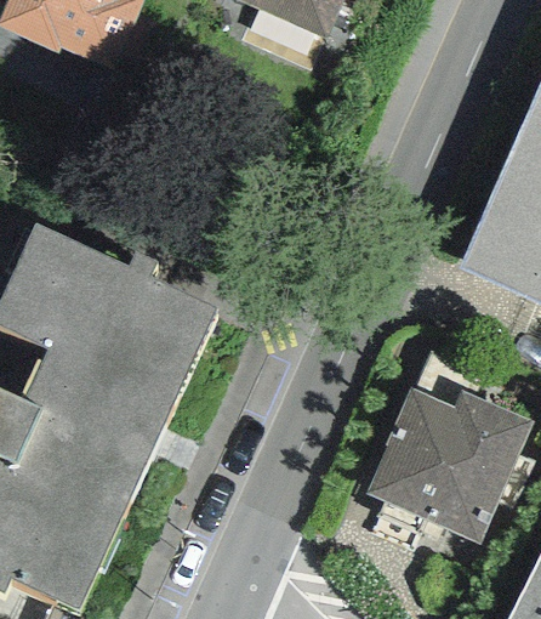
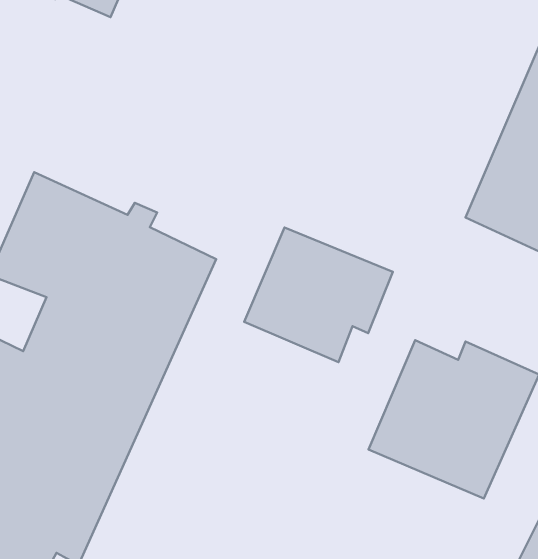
building: none -> [244,227,393,362]

